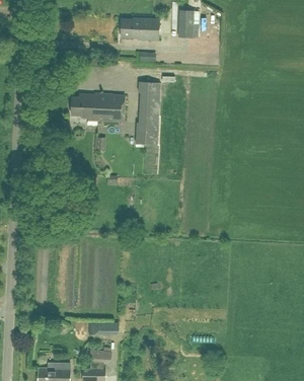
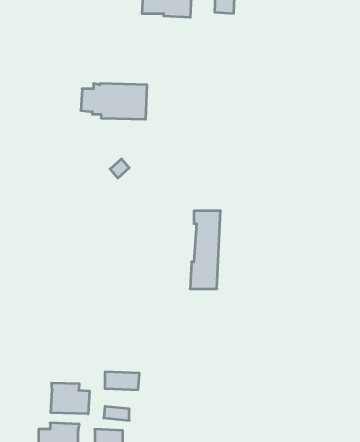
building: [135,81,159,143] -> [190,211,221,289]
building: none -> [51,383,89,414]

